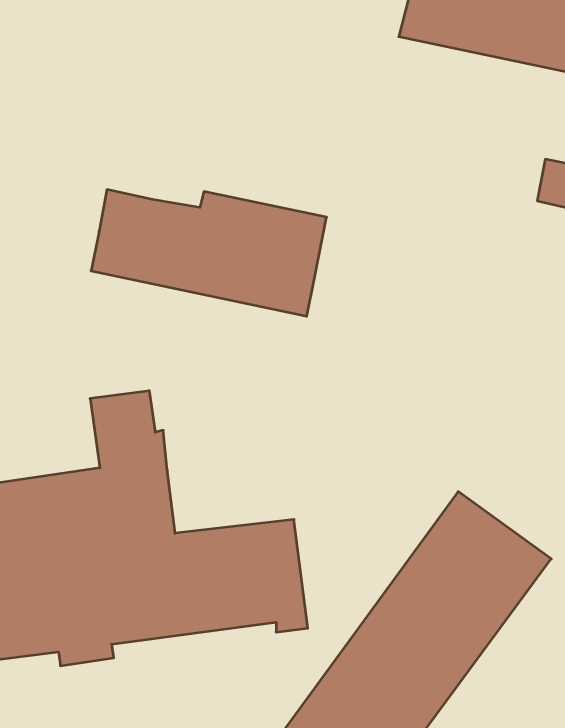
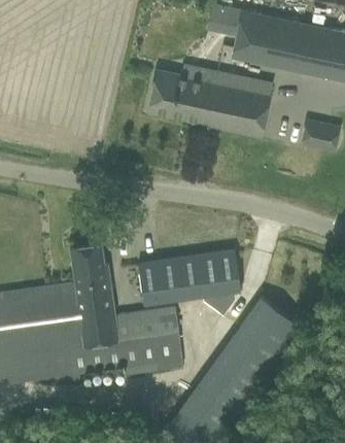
building: [91,190,327,316] -> [149,69,272,135]
building: none -> [138,250,241,316]

